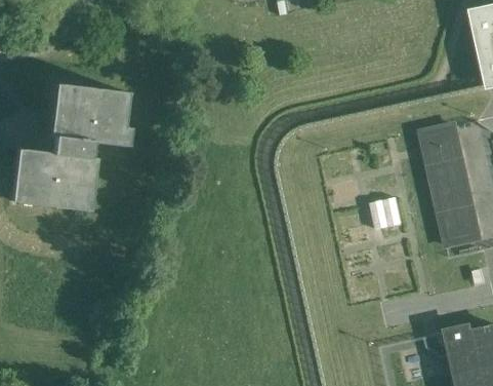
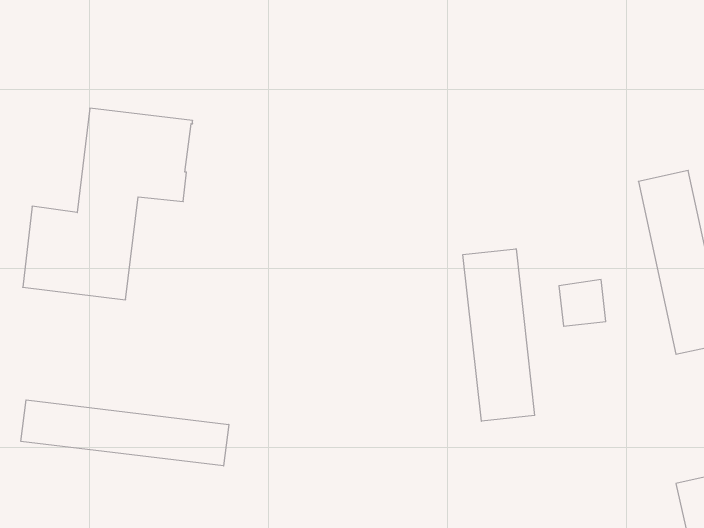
building: none -> [463,249,535,421]
building: none -> [21,400,229,466]

